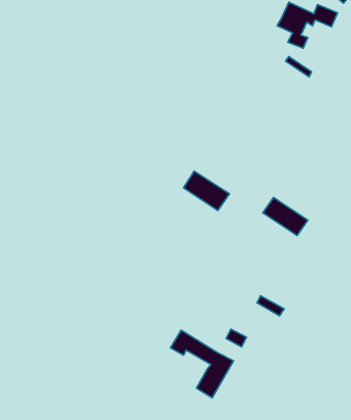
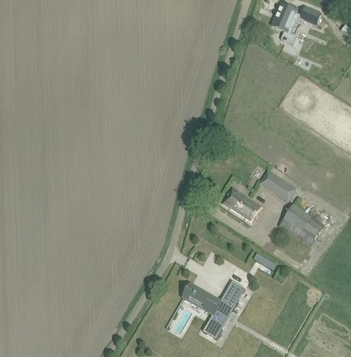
building: [183,171,230,210] -> [222,188,261,221]
building: none -> [278,204,323,246]

